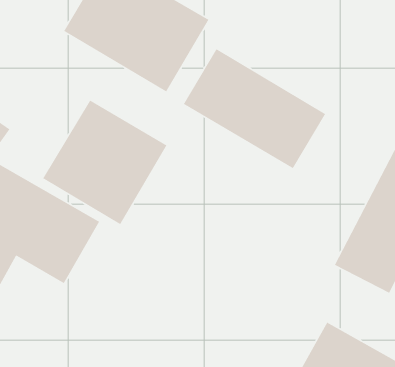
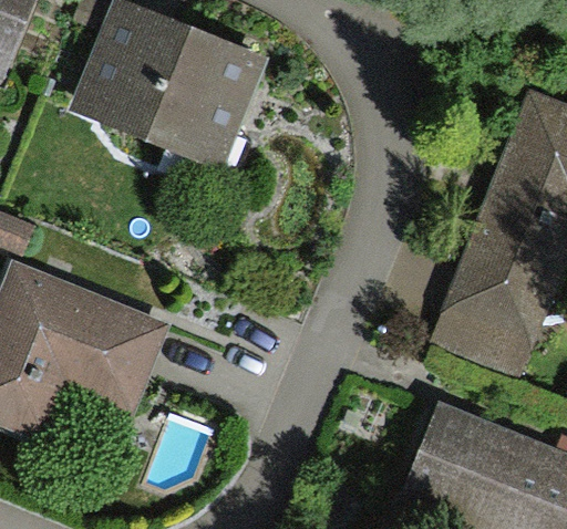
building: [183,48,326,169] -> none
building: [42,99,168,225] -> none

